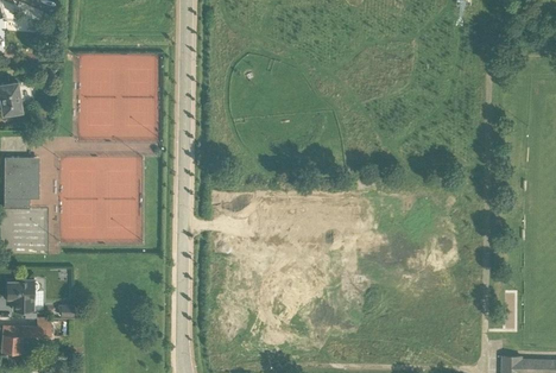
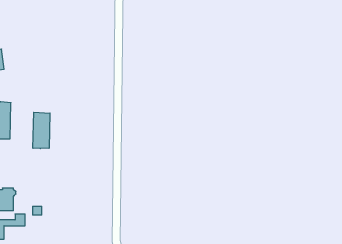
building: none -> [33,112,50,149]

